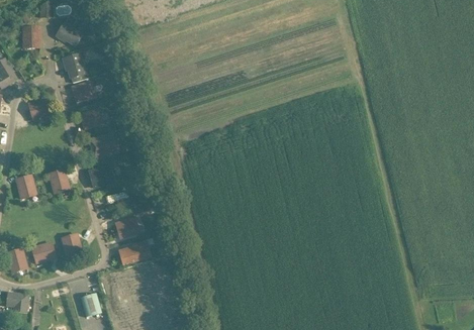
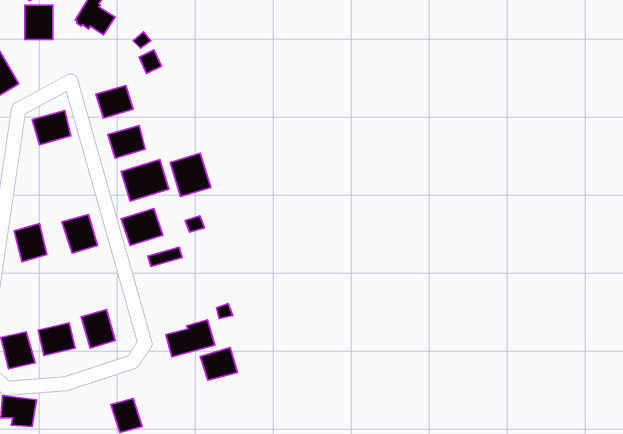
building: [61,51,88,83] -> none
building: none -> [170,153,211,197]
building: [114,216,139,238] -> [200,347,237,380]

